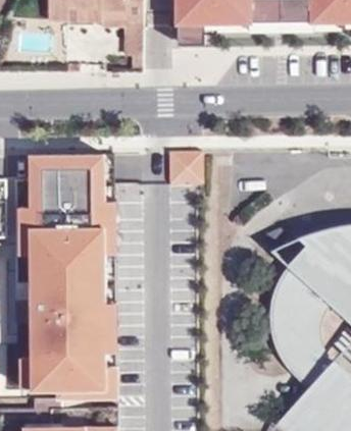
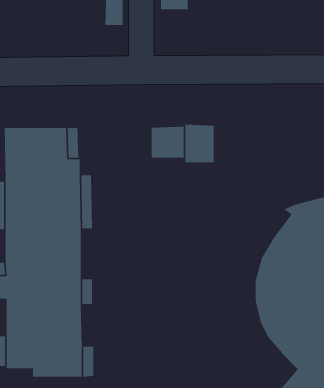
building: none -> [184,124,215,163]

